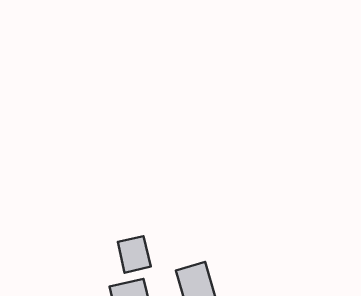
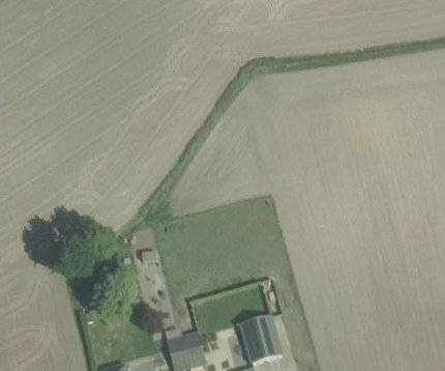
building: [118,236,151,273] -> none

